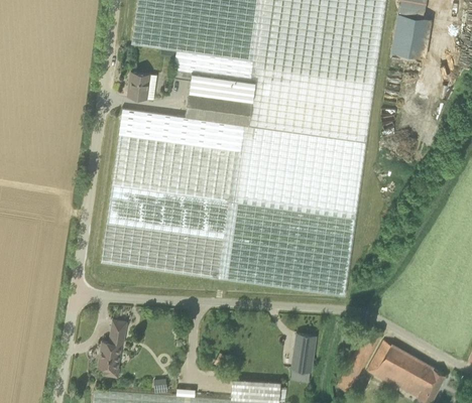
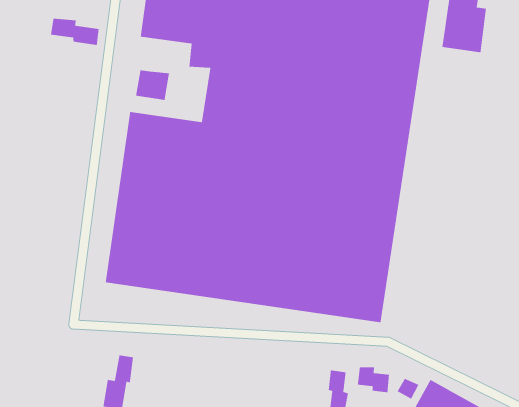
building: none -> [50,18,100,46]
building: none -> [356,366,390,393]

